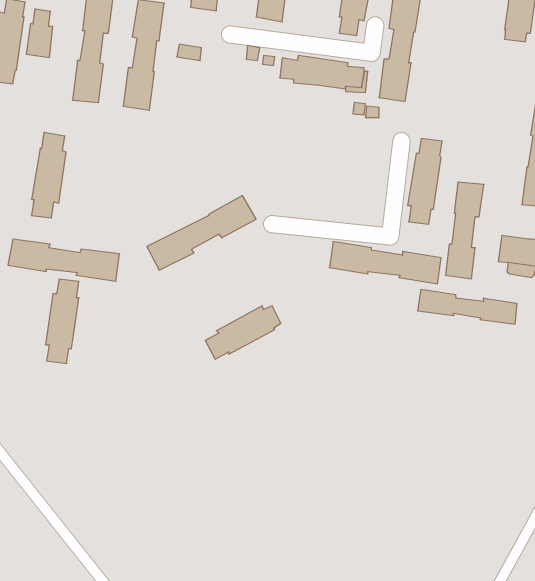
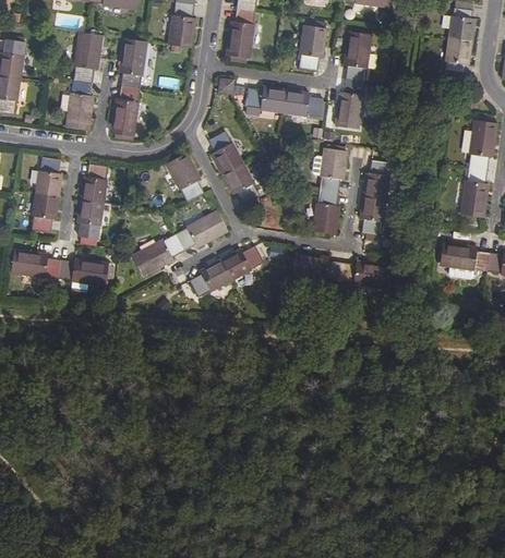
building: [27,9,53,58] -> none
building: none -> [209,131,260,204]
building: none -> [166,153,204,201]
building: [446,182,484,279] -> [314,148,348,233]
building: [45,279,79,363] -> [77,162,107,236]
building: [418,289,517,324] -> none
building: [205,306,281,359] -> [191,248,257,295]

